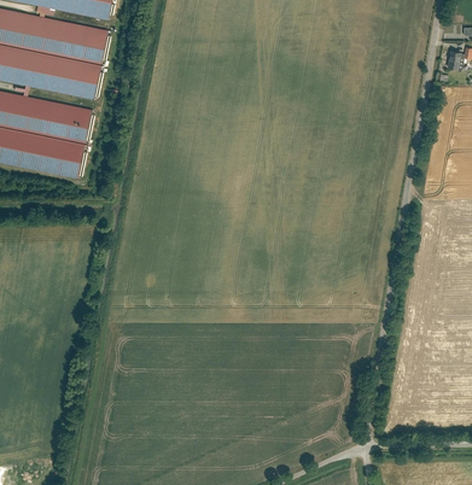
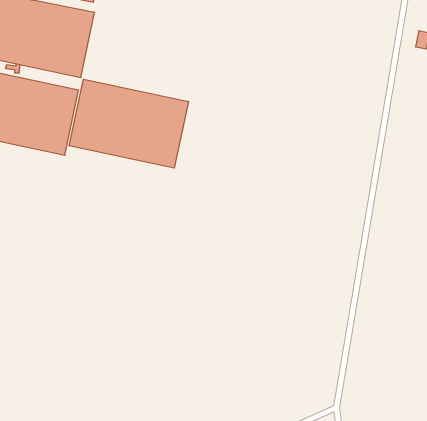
building: none -> [69,79,188,168]

